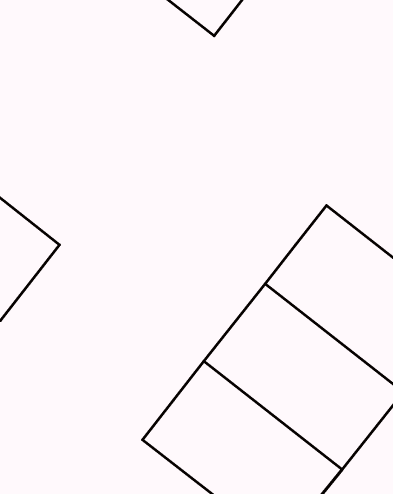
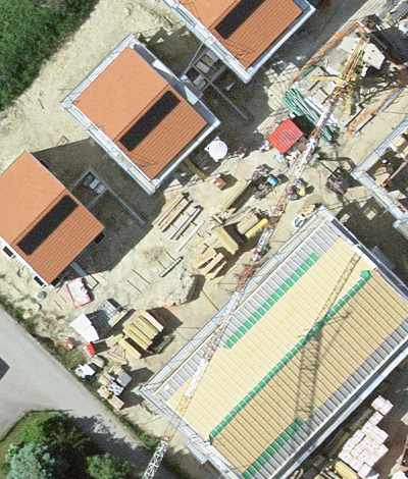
building: none -> [73,44,208,178]

